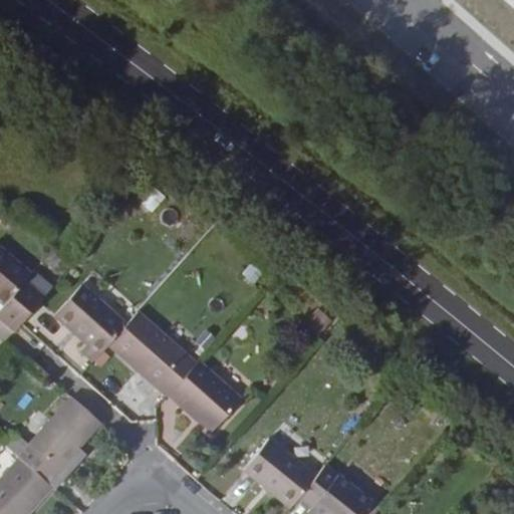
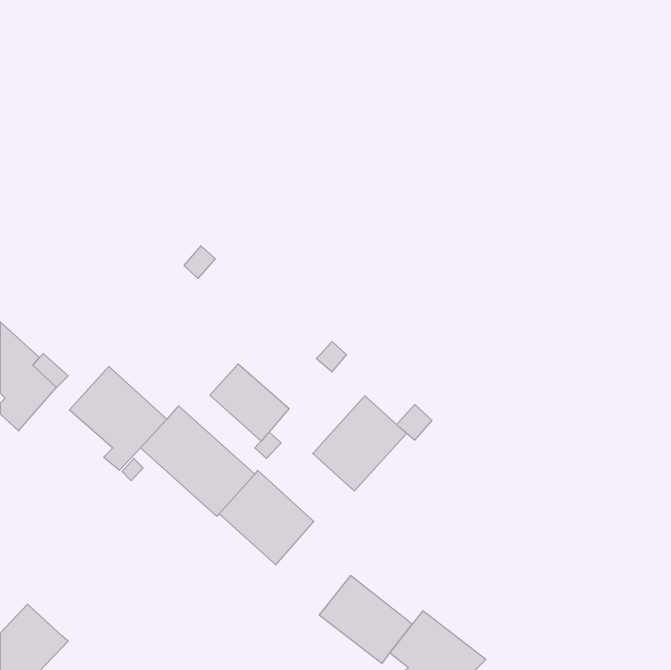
building: none -> [210,364,289,441]
building: none -> [313,396,407,491]
building: [19,402,99,487] -> none

